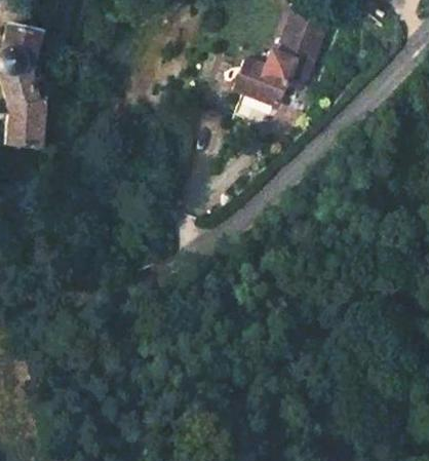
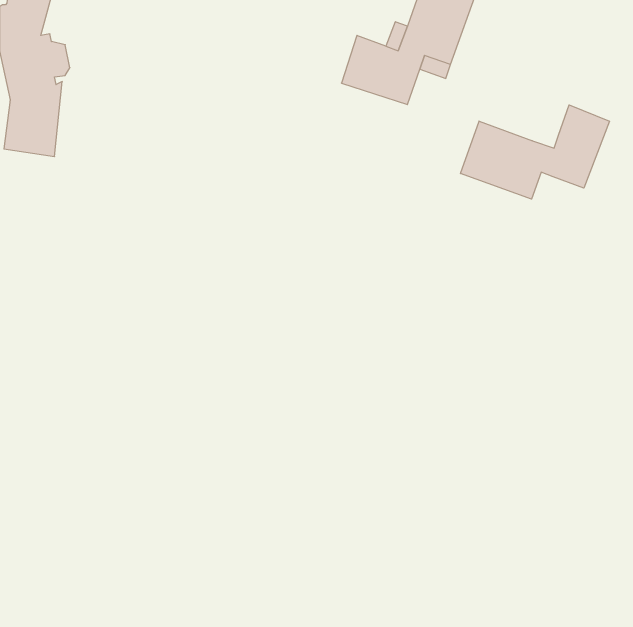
building: none -> [461,105,610,199]

